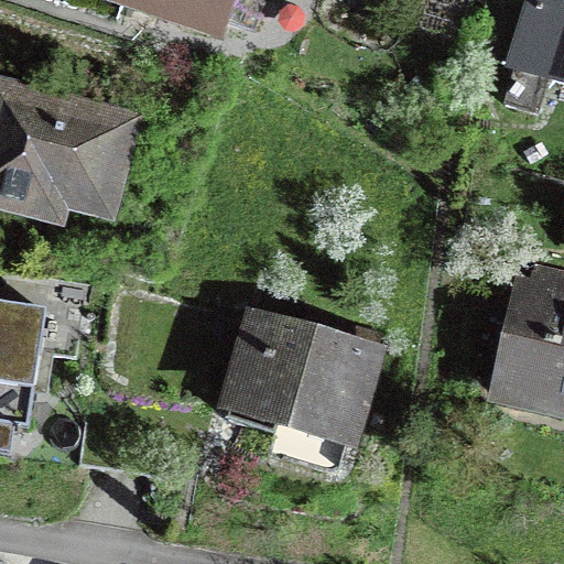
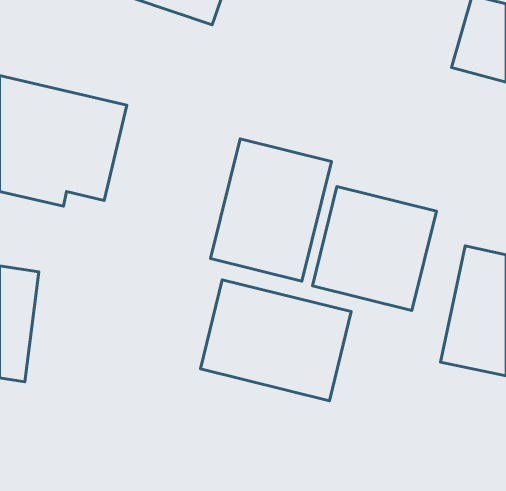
building: none -> [211,139,331,281]
building: none -> [312,186,436,310]

